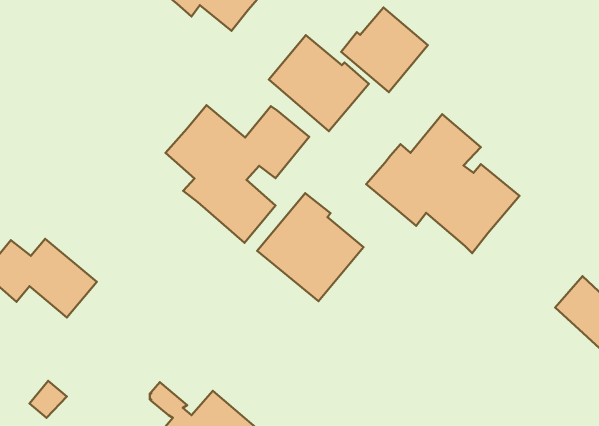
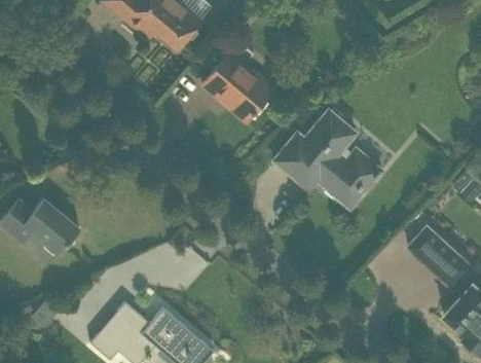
building: [341,7,428,92] -> none
building: [166,105,309,243] -> none
building: [257,193,363,301] -> none

